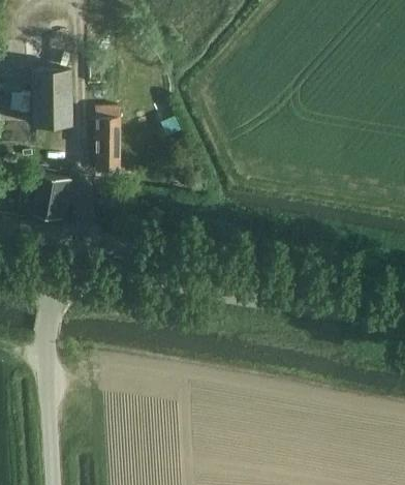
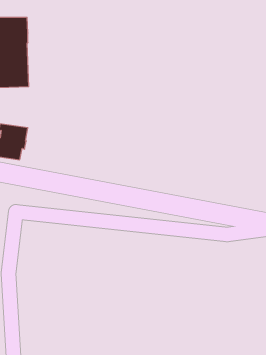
building: [97,110,120,173] -> none

